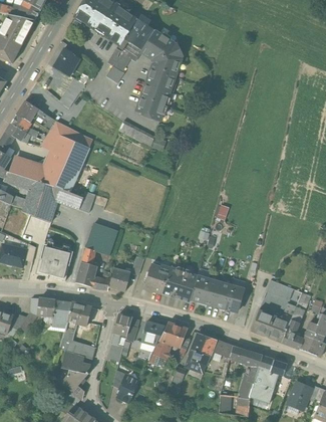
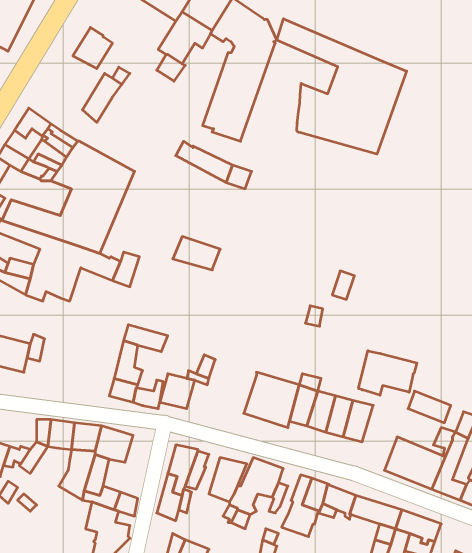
building: none -> [277,19,407,154]
building: [88,223,118,244] -> [173,237,220,270]
building: [36,243,72,280] -> none
building: none -> [359,351,417,395]
building: [142,263,170,293] -> none

